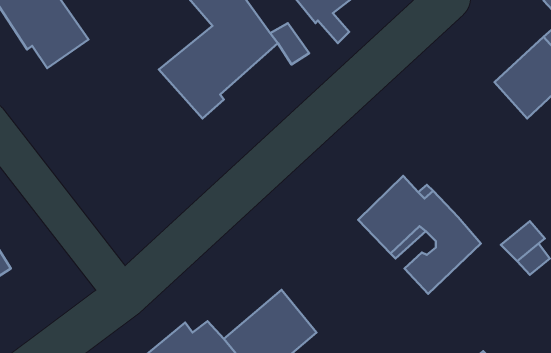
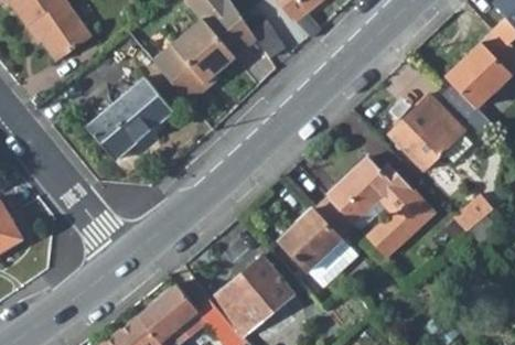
building: none -> [86,78,174,162]
building: none -> [390,91,464,169]
building: none -> [276,204,358,285]

